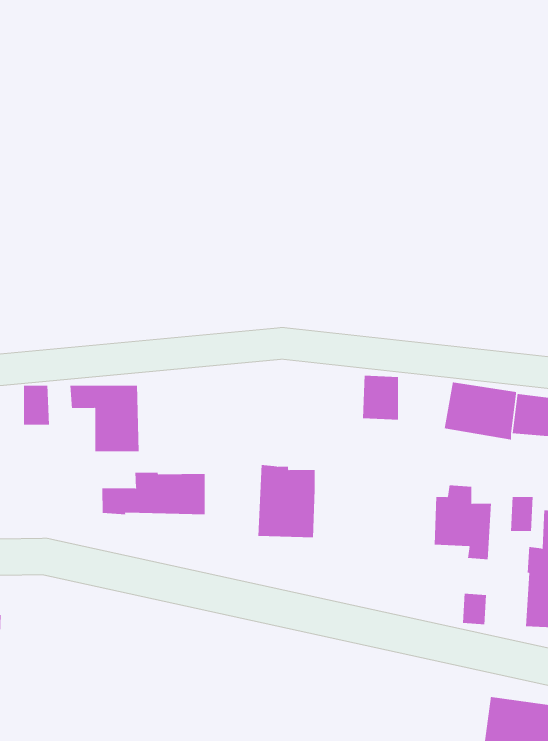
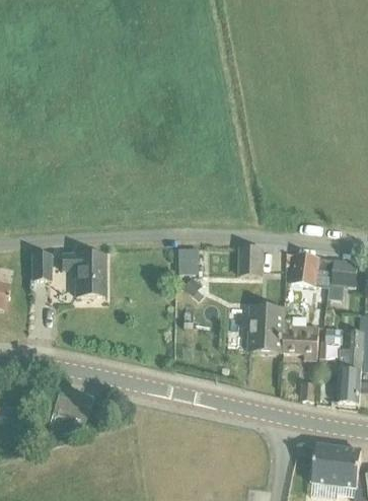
building: none -> [180,241,201,269]
building: [257,465,316,538] -> [247,307,283,352]
building: [102,472,205,515] -> none
building: none -> [49,385,89,422]

